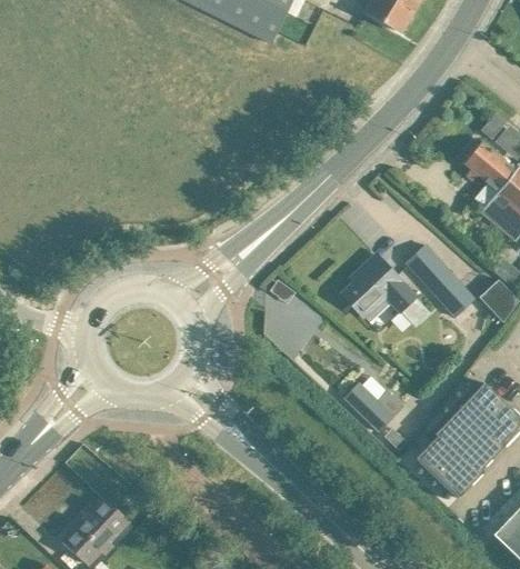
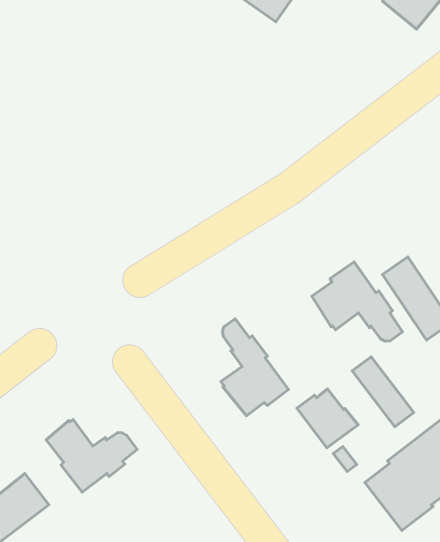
building: none -> [221,319,289,416]
building: none -> [352,357,414,427]
building: none -> [46,420,137,492]

